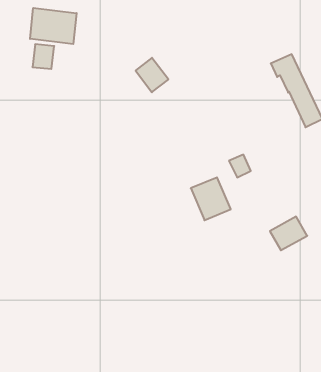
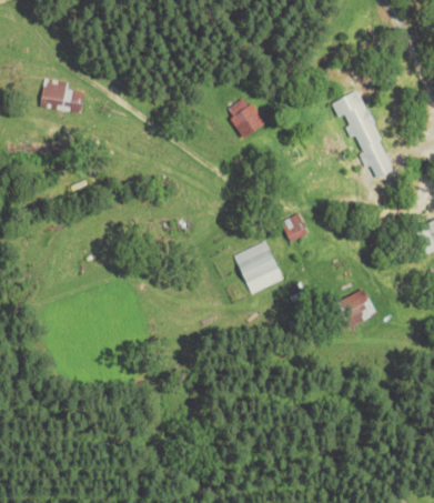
building: [30,8,77,44] -> none
building: [136,58,168,92] -> [226,95,266,138]

